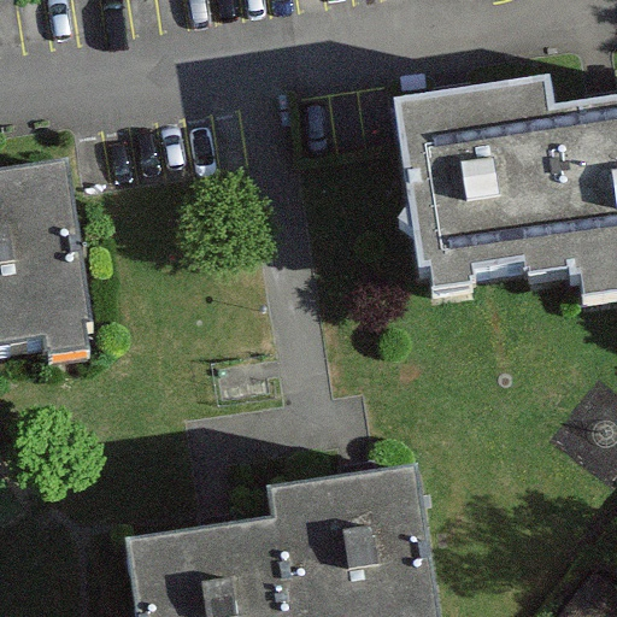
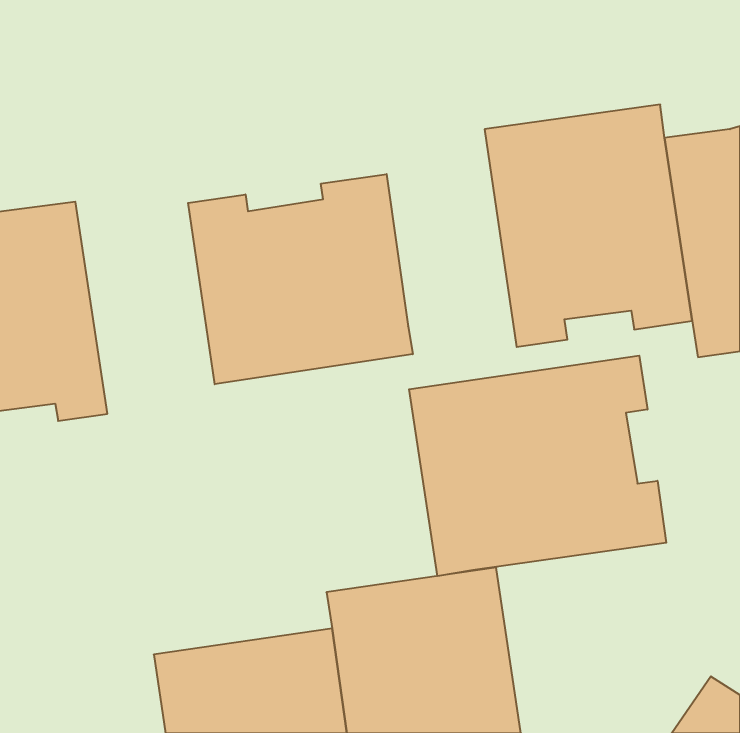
building: none -> [188,174,413,384]
building: none -> [409,356,666,576]

